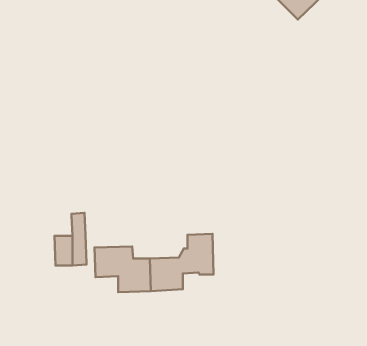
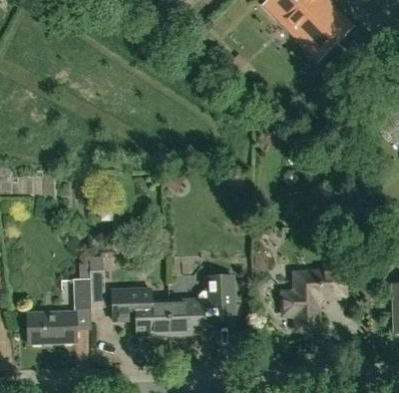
building: none -> [282,268,346,329]
building: none -> [27,312,76,343]

